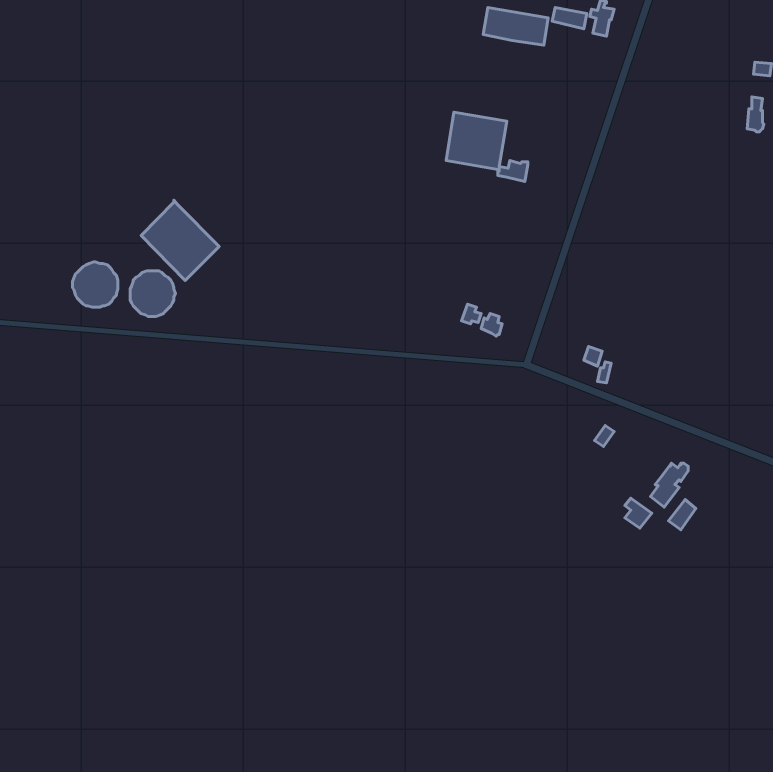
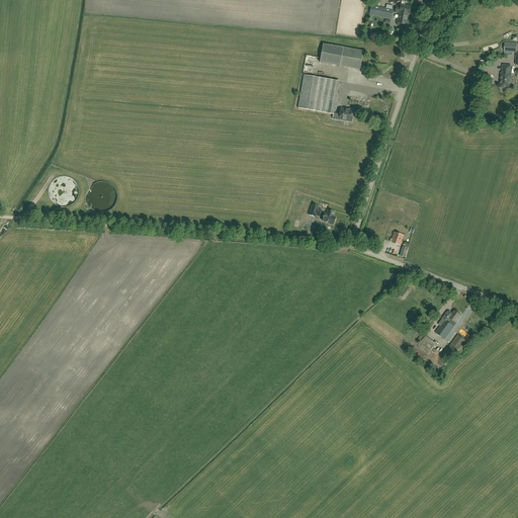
building: [483,7,548,45] -> [320,44,363,69]
building: [141,200,219,280] -> none

